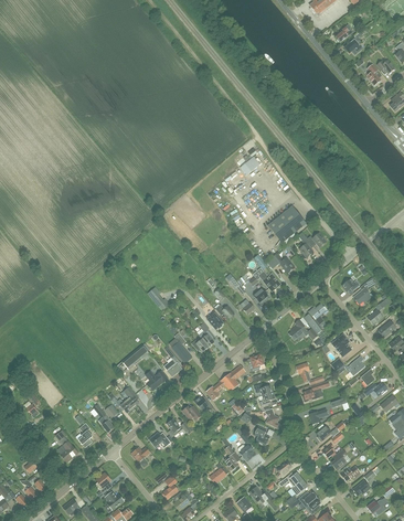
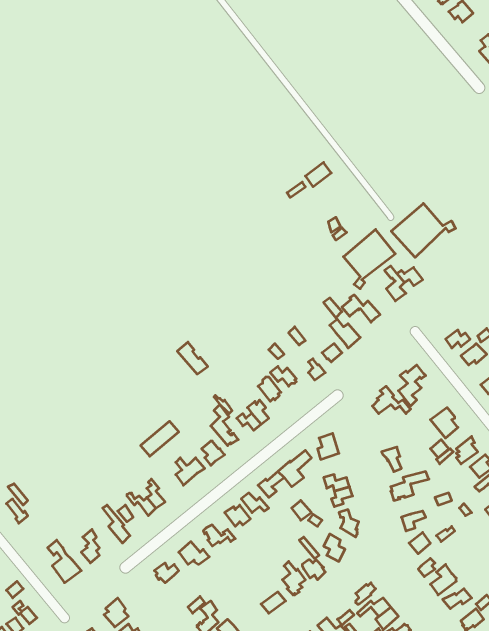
building: none -> [391,203,456,257]

